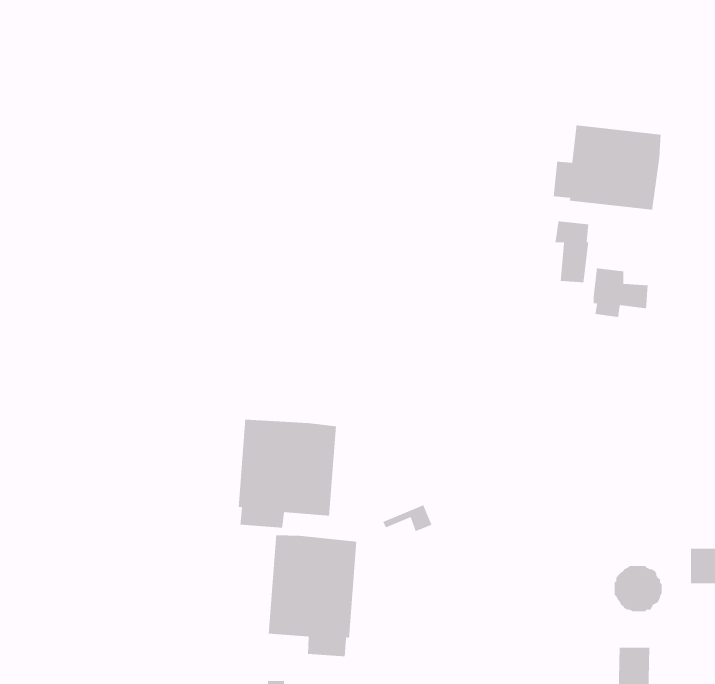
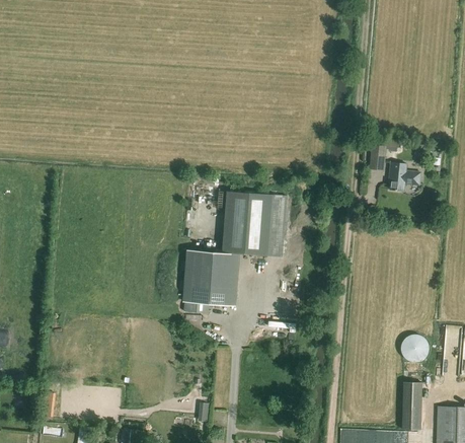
building: [553,125,662,210] -> none
building: none -> [223,192,287,257]
building: [268,535,357,657] -> none

